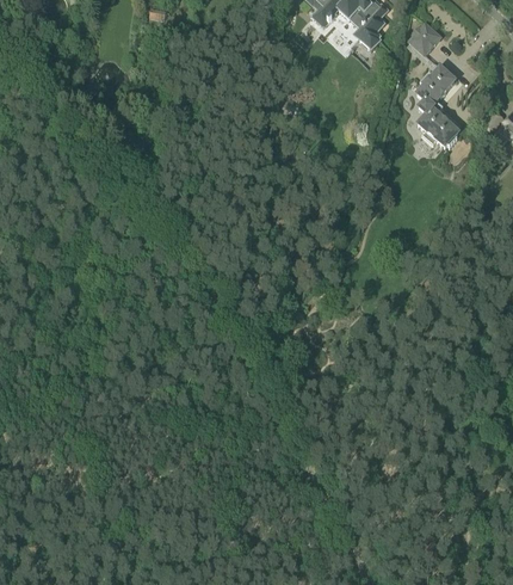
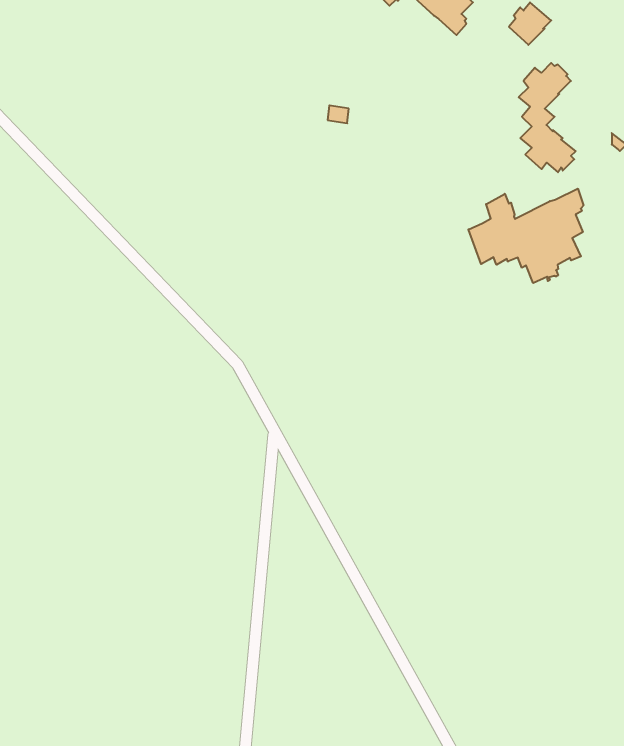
building: none -> [468,189,583,283]

